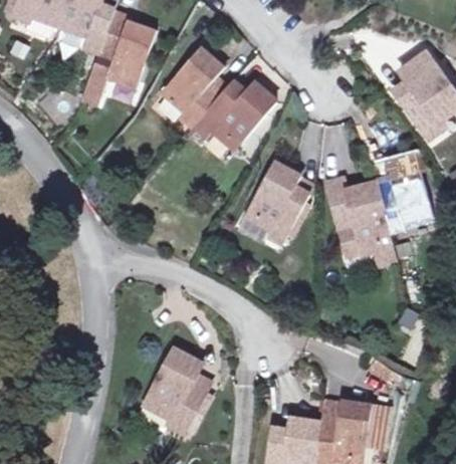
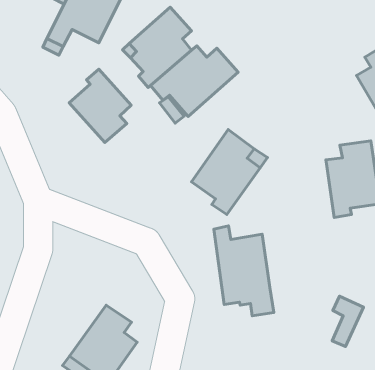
building: none -> [69,69,131,143]
building: [326,178,396,264] -> [214,226,274,316]

